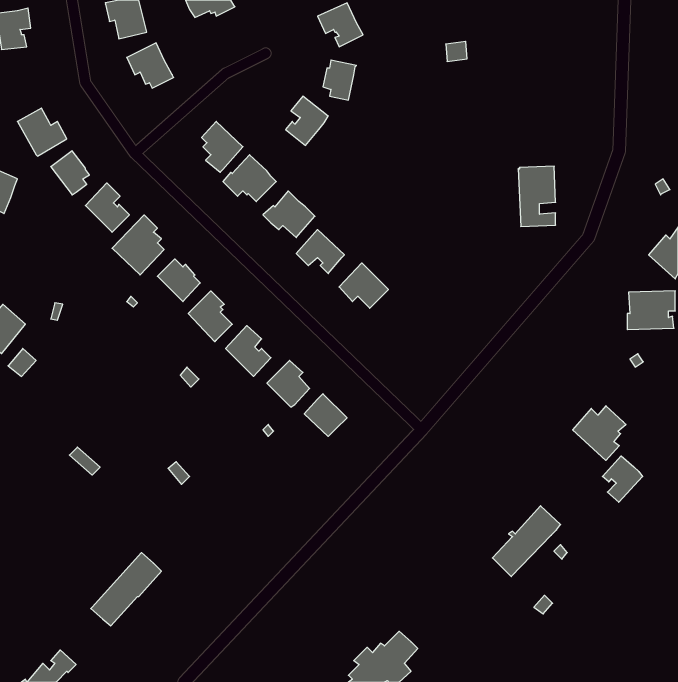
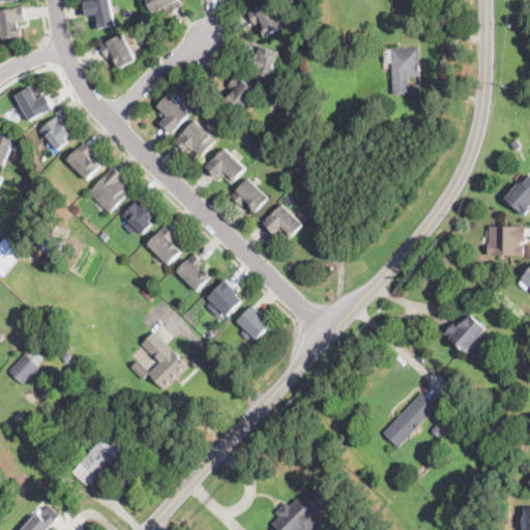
building: [518,166,556,226] -> [389,48,418,94]
building: none -> [141,331,187,390]
building: none -> [6,353,37,384]
building: [602,456,643,502] -> none

